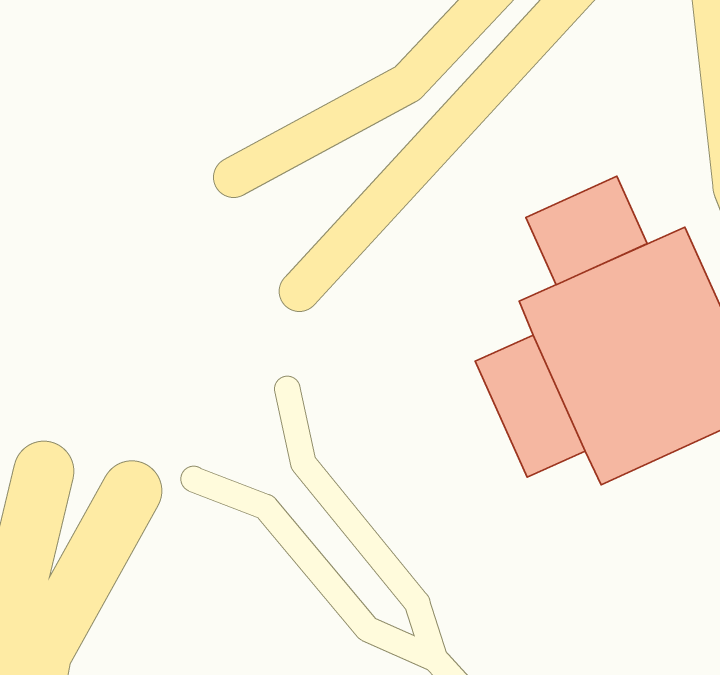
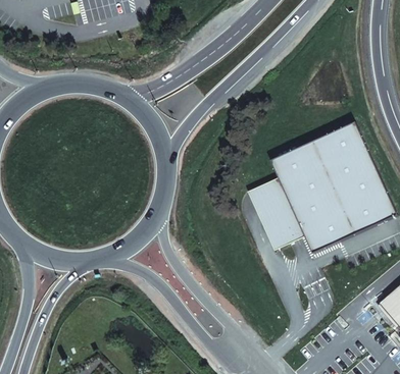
building: [526,176,647,285] -> none

